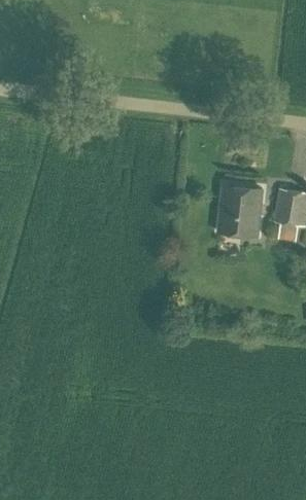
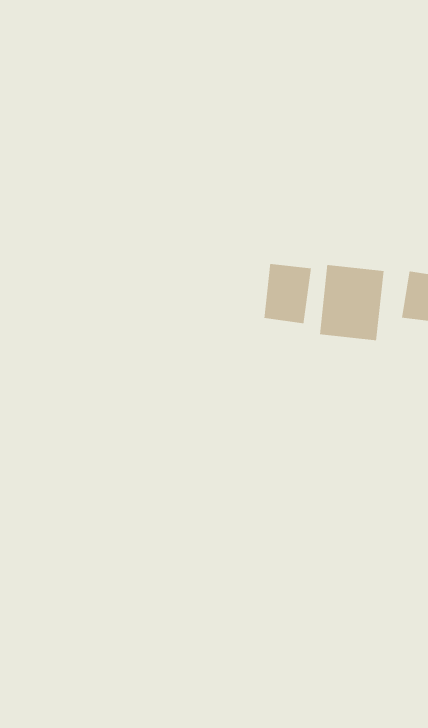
building: none -> [264,263,311,324]

